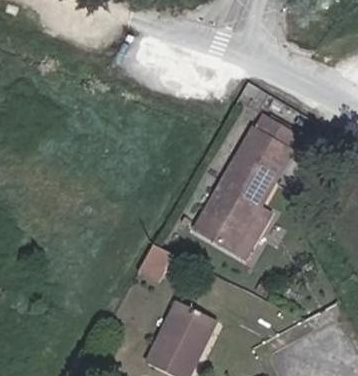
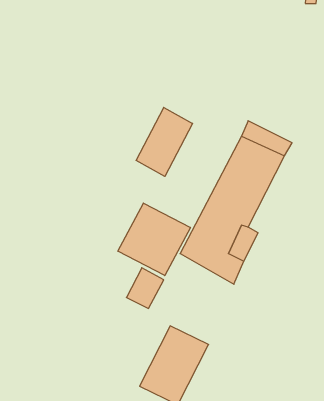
building: none -> [136,107,193,176]
building: none -> [118,203,190,276]

